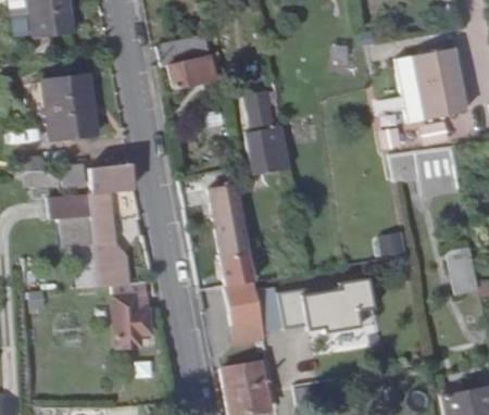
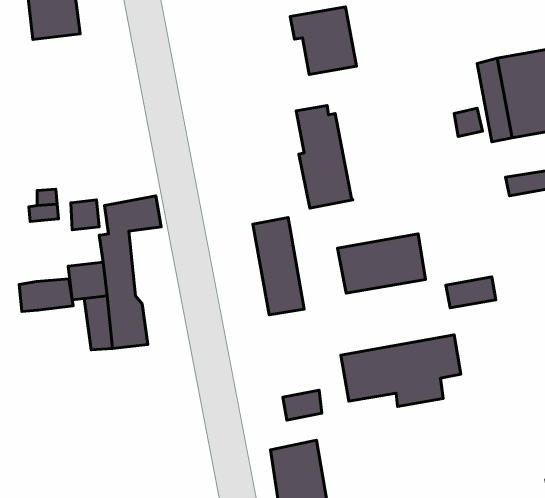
building: [161,40,214,95] -> [290,7,356,74]
building: [43,75,97,140] -> none
building: none -> [337,234,426,293]
building: [47,196,90,222] -> [19,279,73,311]
building: [227,281,264,326] -> none
building: [106,302,151,354] -> none

